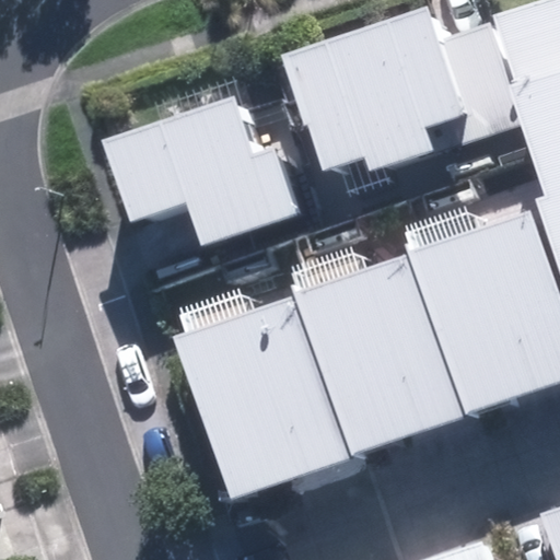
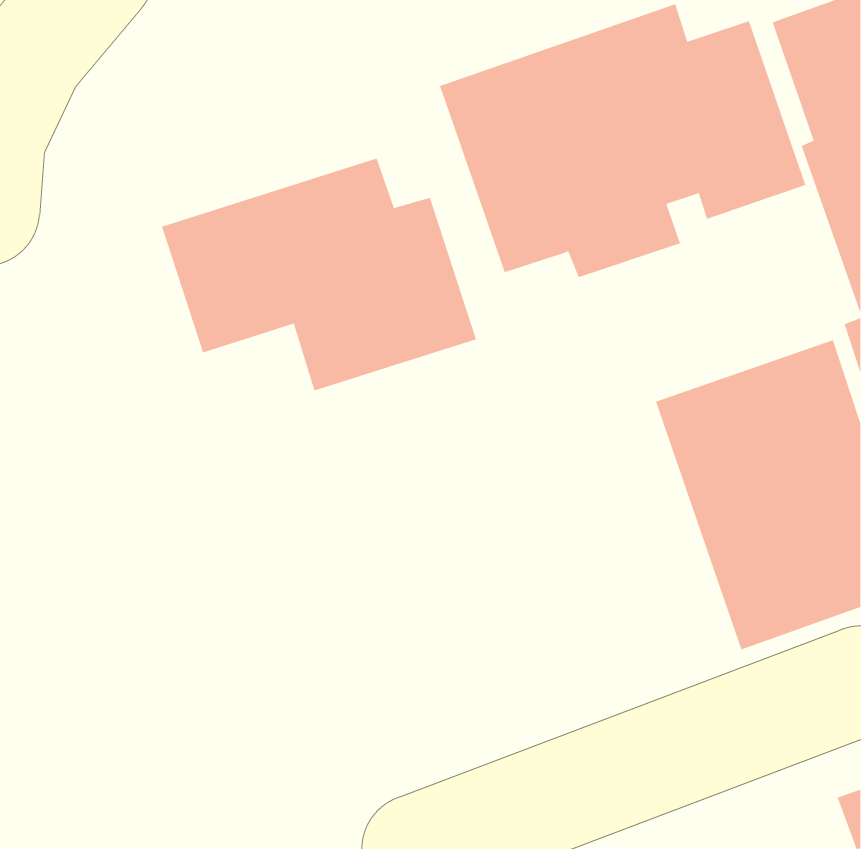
building: [303,258,467,454] -> none
building: [177,299,353,497] -> none

